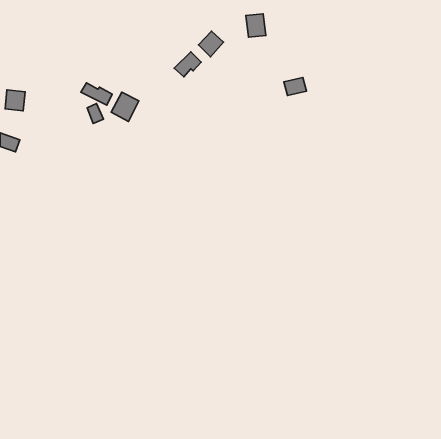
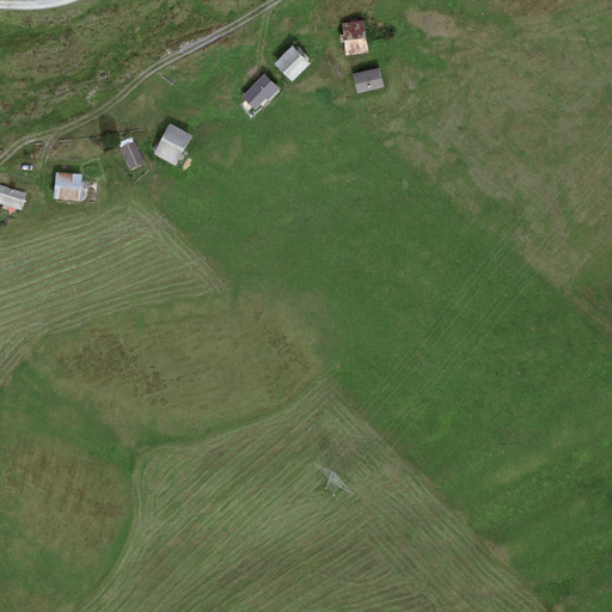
building: [284,77,306,96] -> [353,66,384,91]
building: [81,83,112,105] -> none
building: [5,90,25,111] -> [54,175,81,203]

